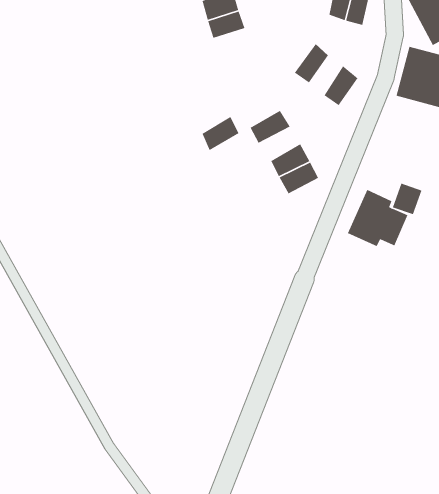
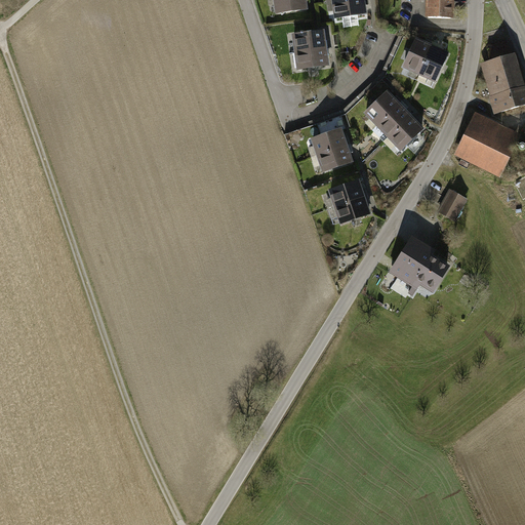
building: none -> [377,104,411,139]
building: [201,116,240,151] -> [312,128,347,157]
building: [392,183,422,215] -> [437,186,468,217]

